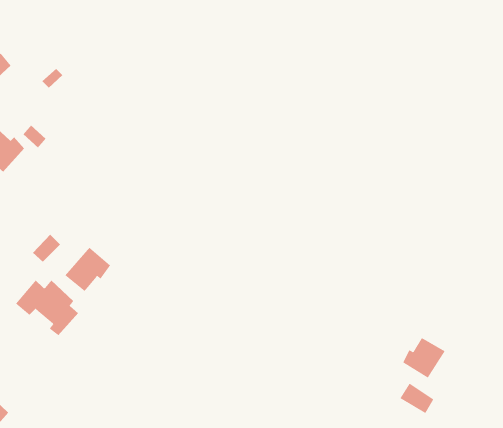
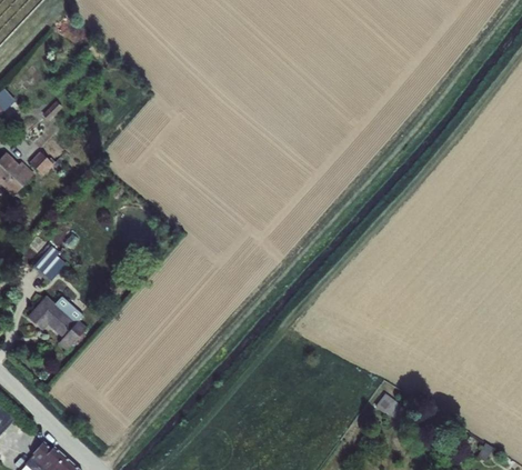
building: [64,247,111,292] -> none
building: [403,337,446,378] -> none

